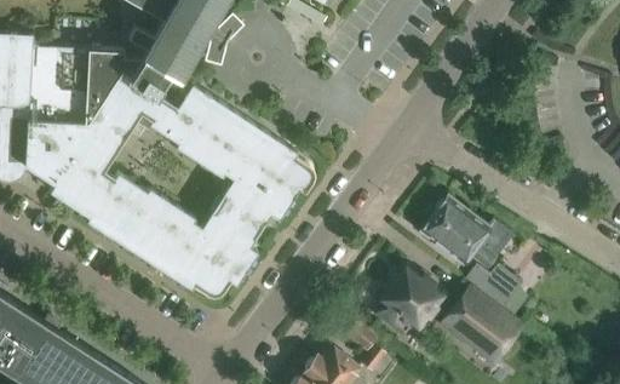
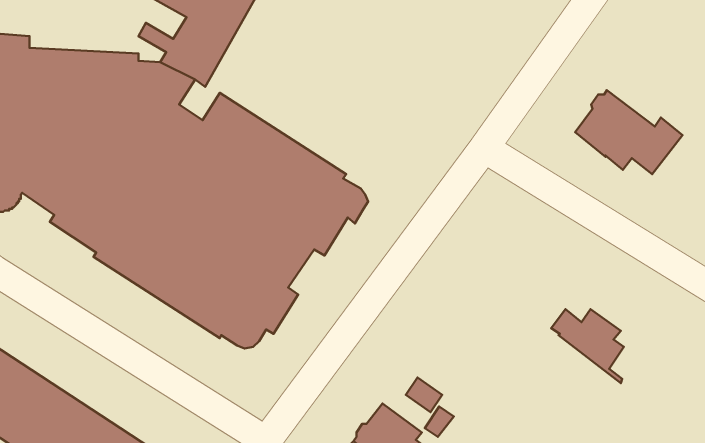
building: [421,197,511,268] -> [575,90,683,174]
building: [378,266,443,329] -> none
building: [444,287,526,365] -> none

